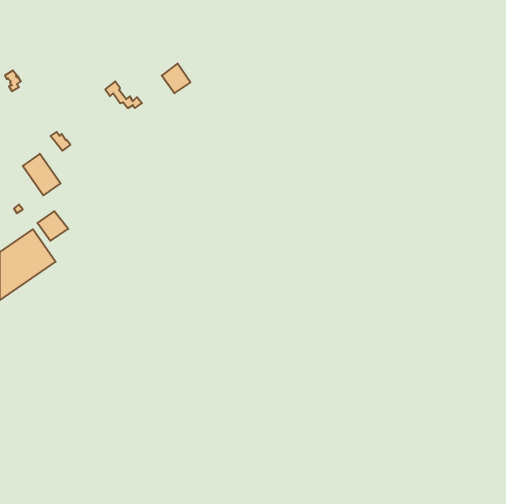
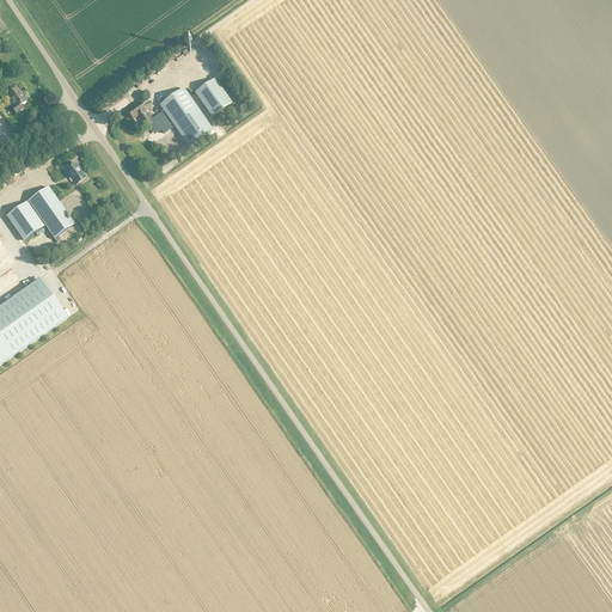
building: none -> [159,86,213,145]
building: [37,211,68,241] -> [6,201,43,237]

